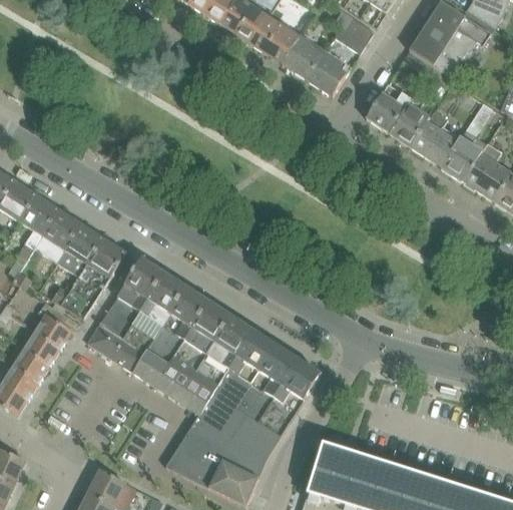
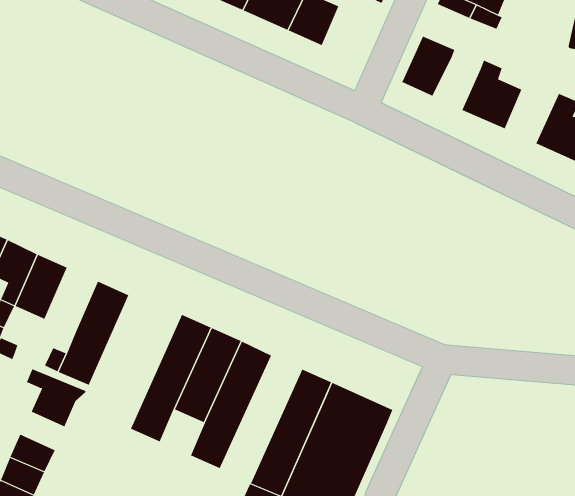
building: [307,49,351,95] -> none
building: [388,91,428,145] -> none
building: [441,100,491,180] -> none
building: [56,222,102,275] -> none
building: [87,258,164,357] -> none
building: [176,316,252,414] -> none
building: [23,332,59,365] -> none
building: [132,347,169,385] -> none

